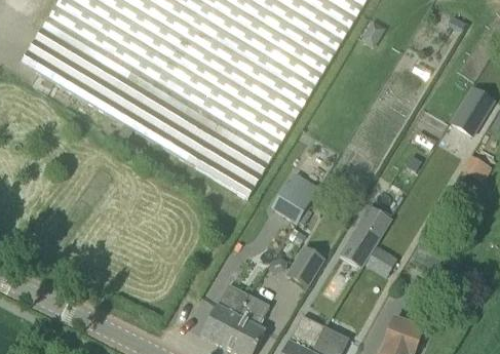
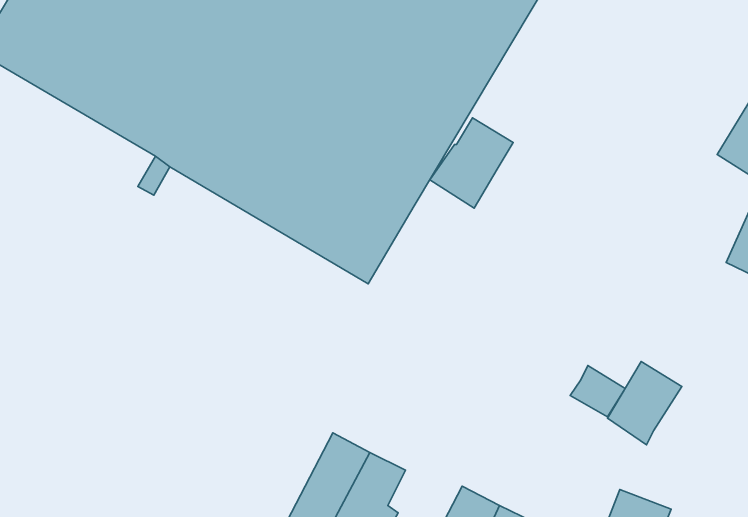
building: [270,171,318,224] -> [430,118,513,208]
building: [348,204,391,252] -> [607,362,682,445]
building: [286,246,322,286] -> none

